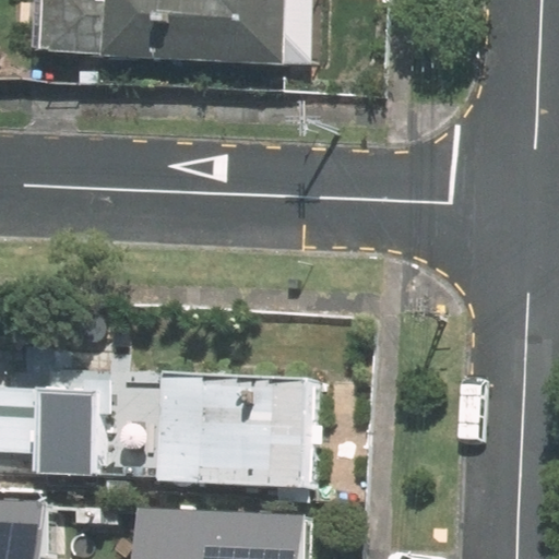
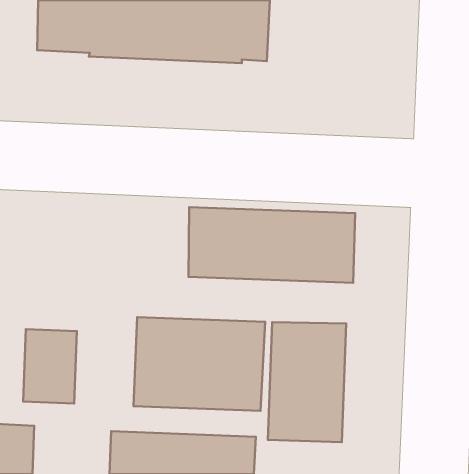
building: none -> [188,207,355,283]
building: none -> [268,322,346,442]

